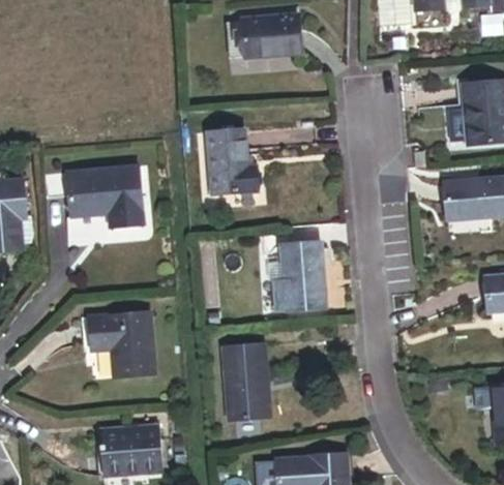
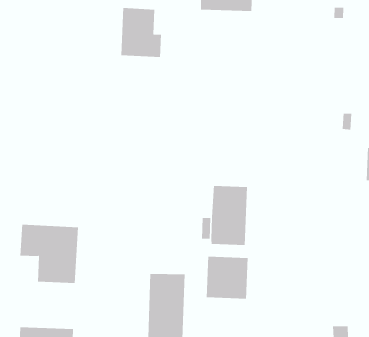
building: [210,130,259,185] -> [120,8,162,58]
building: [58,162,136,224] -> none
building: none -> [206,256,248,300]

